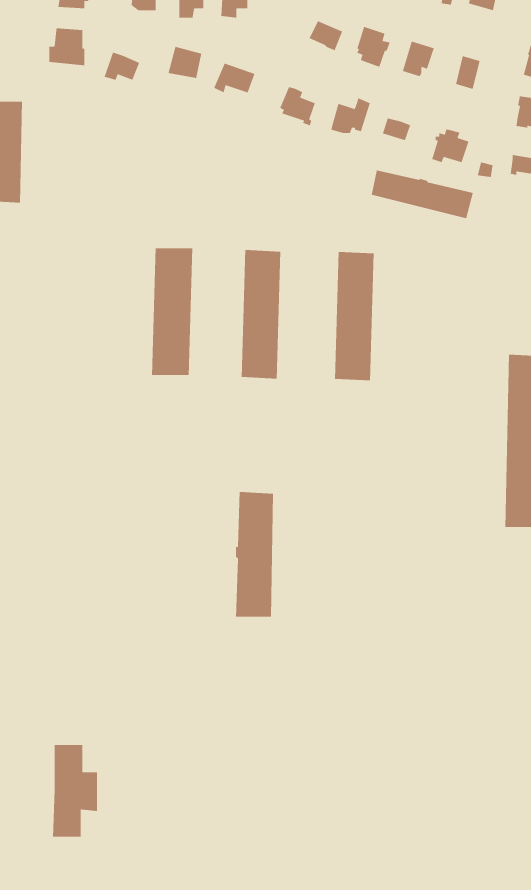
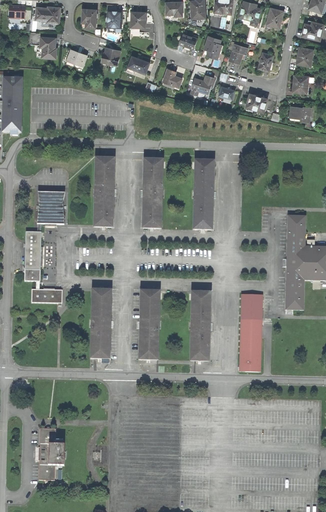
building: [371,169,474,219] -> none
building: none -> [24,191,64,303]
building: none -> [90,289,110,358]
building: none -> [189,291,209,360]
building: none -> [239,294,262,371]

